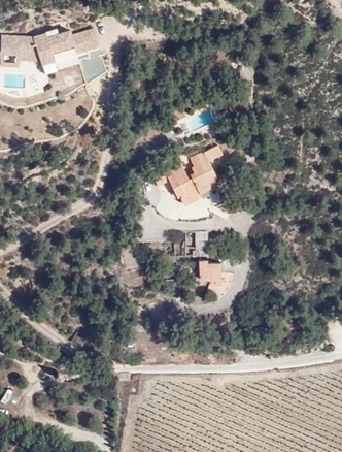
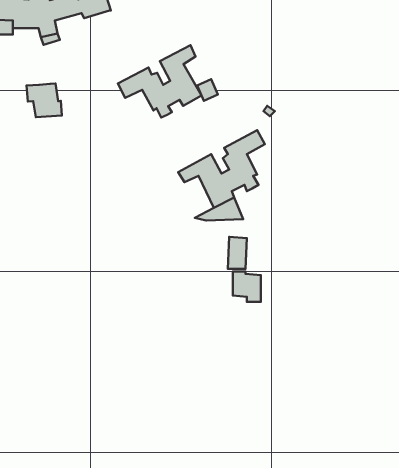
building: none -> [118,45,202,118]
building: none -> [27,84,62,117]

